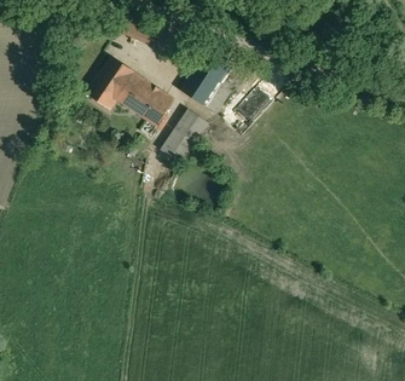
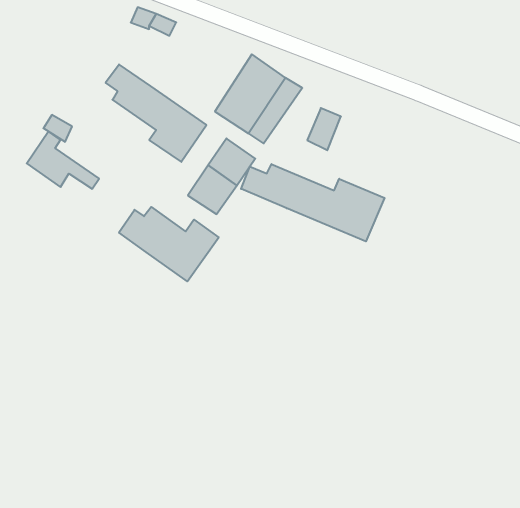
building: [85,68,137,109] -> [27,131,99,189]
building: none -> [241,164,385,241]
building: none -> [119,207,219,281]

